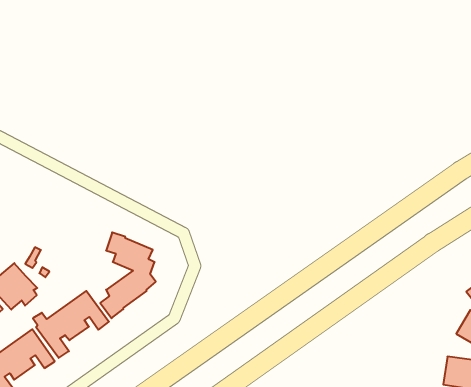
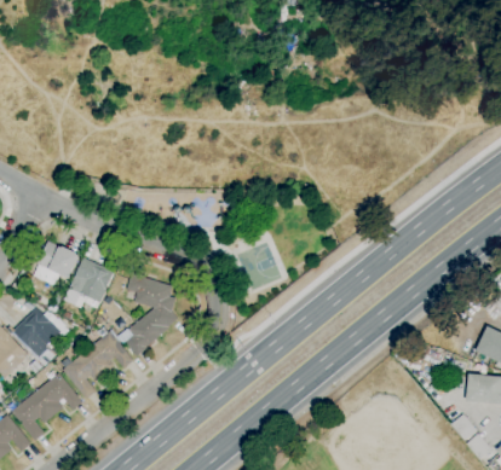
building: none -> [33,240,79,285]
building: none -> [63,257,113,304]

